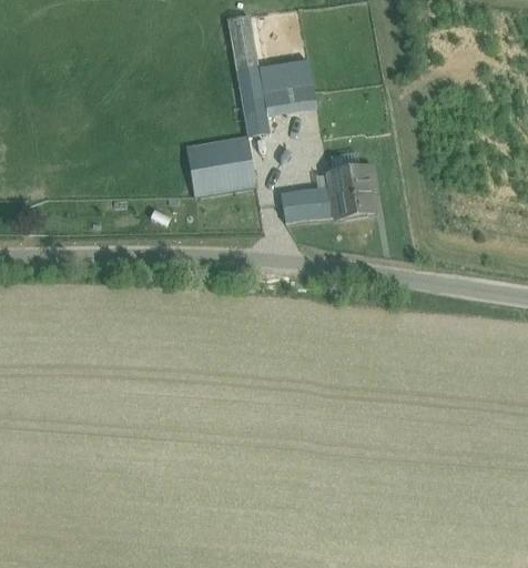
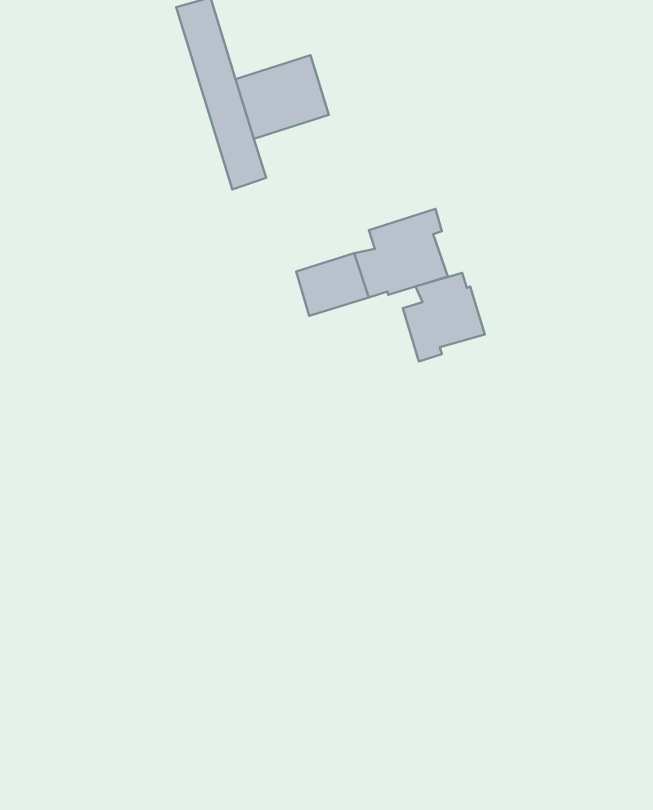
building: [185,136,256,197] -> none
building: none -> [403,273,485,362]

